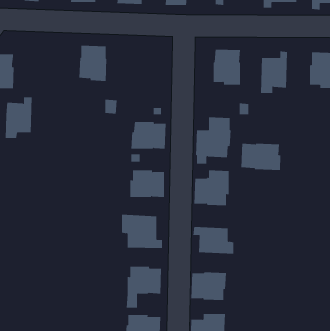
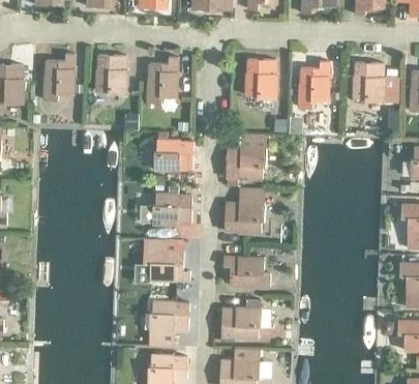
building: none -> [147,56,178,102]
building: [5,97,33,139] -> [43,53,74,99]
building: [241,143,281,171] -> none

